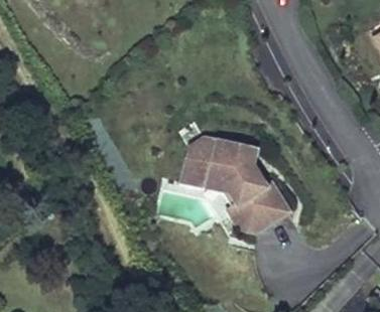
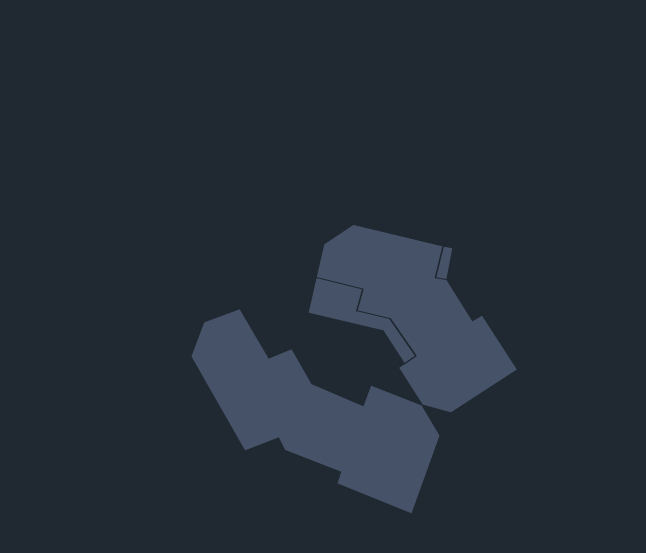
building: none -> [191,309,440,514]

